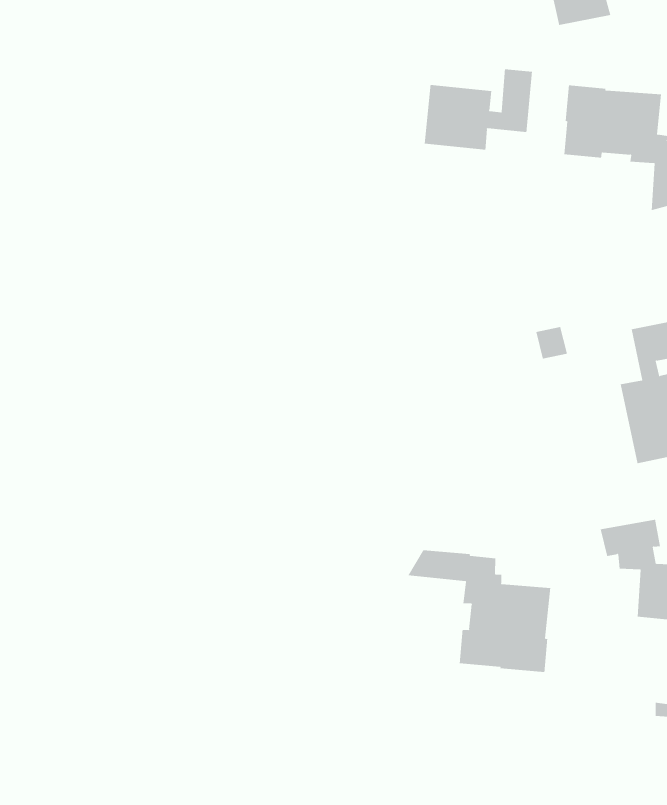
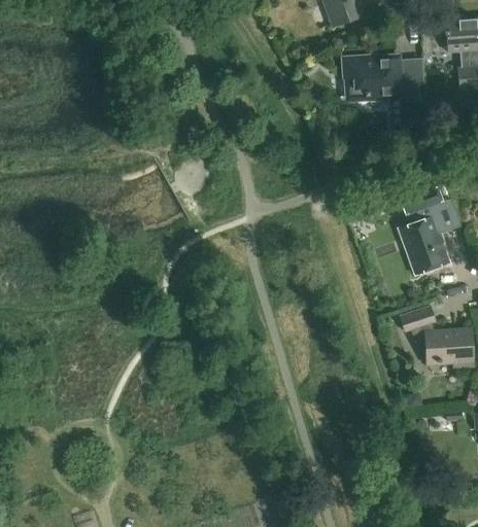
building: [424,69,532,151] -> none
building: [408,550,551,673] -> none

